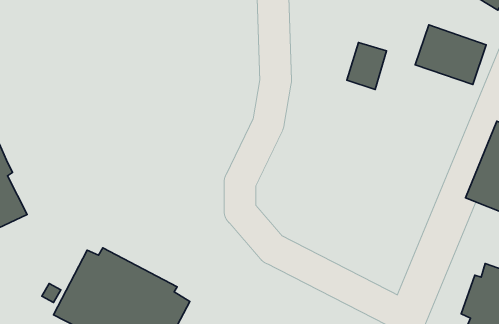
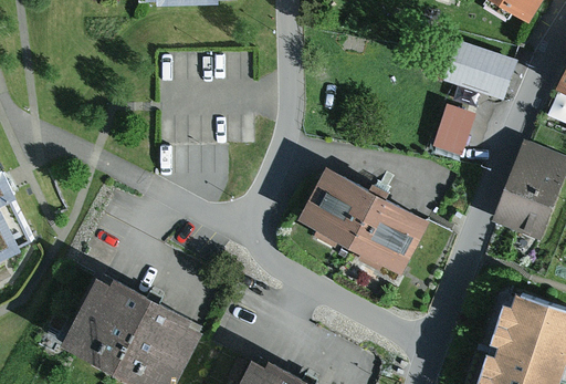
building: [347,42,387,89] -> [431,106,473,156]
building: none -> [296,167,429,274]

